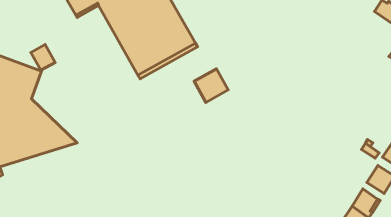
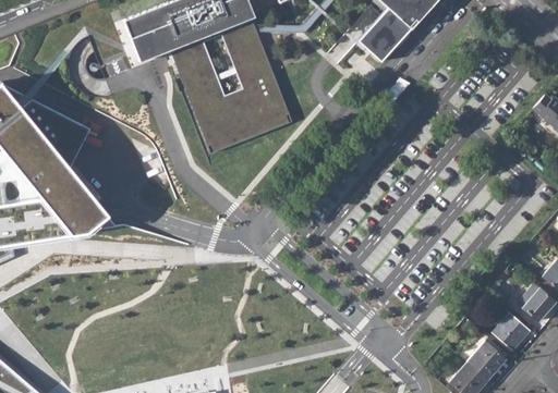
building: [31,45,55,70] -> none
building: [194,69,228,102] -> none

